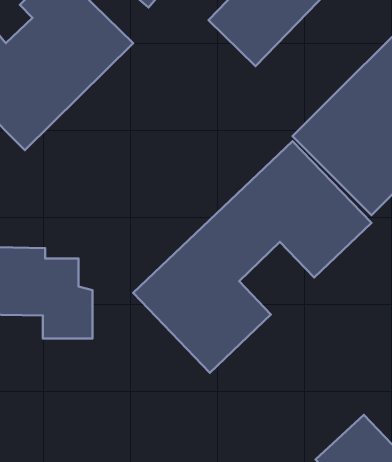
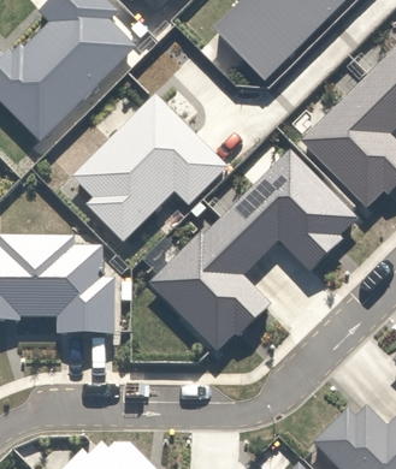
building: none -> [72,97,221,236]

